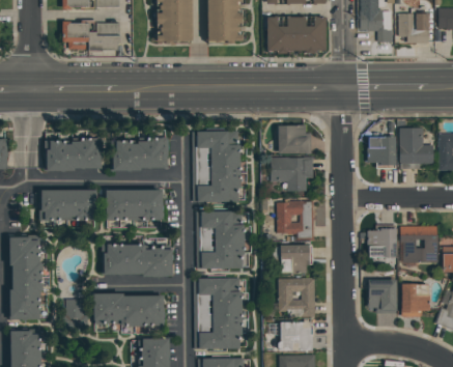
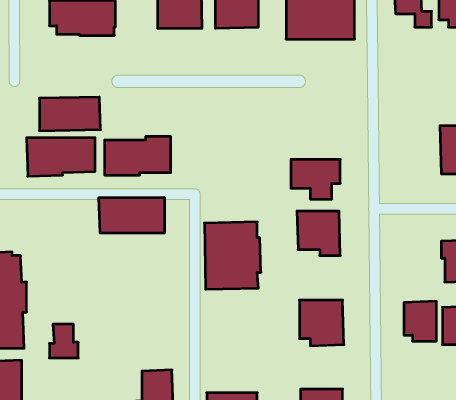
building: [278,125,311,153] -> none
building: [192,131,239,202] -> none
building: [368,137,396,167] -> none
building: [40,189,93,218] -> [39,97,101,131]
building: [367,228,398,257] -> none
building: [102,245,171,276] -> none
building: [280,245,309,274] -> none
building: [198,280,247,348] -> none
building: [92,293,164,327] -> none
building: [277,321,311,350] -> none

